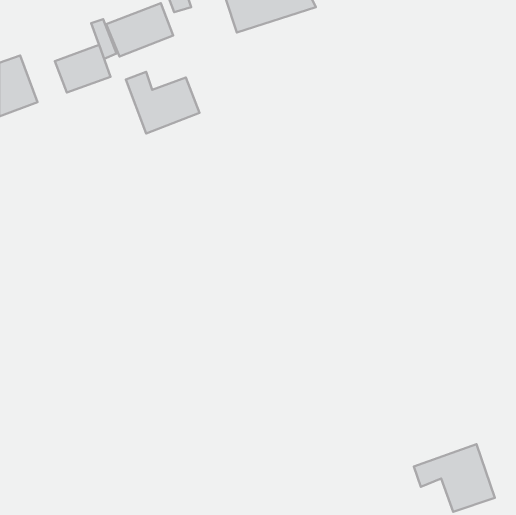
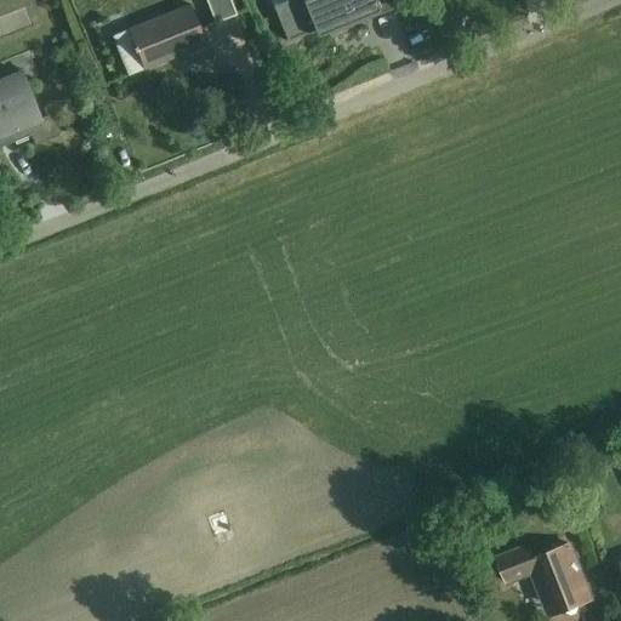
building: [55,45,110,93] -> none
building: [126,72,199,134] -> none

